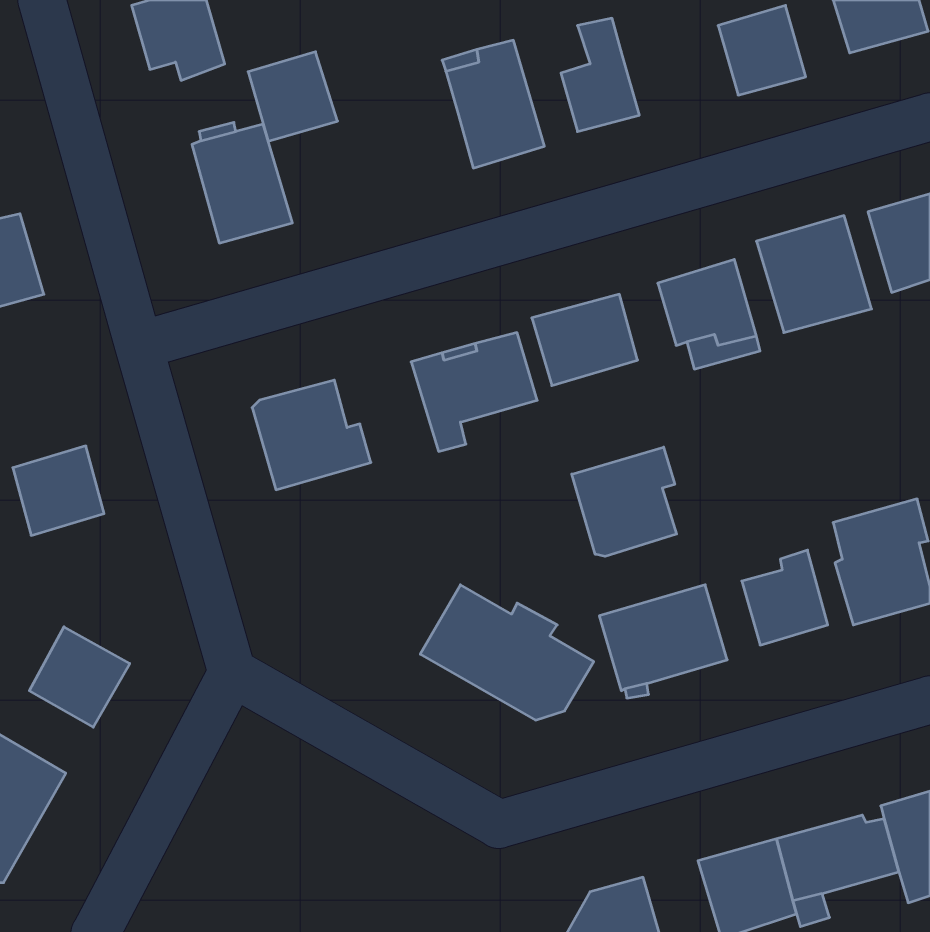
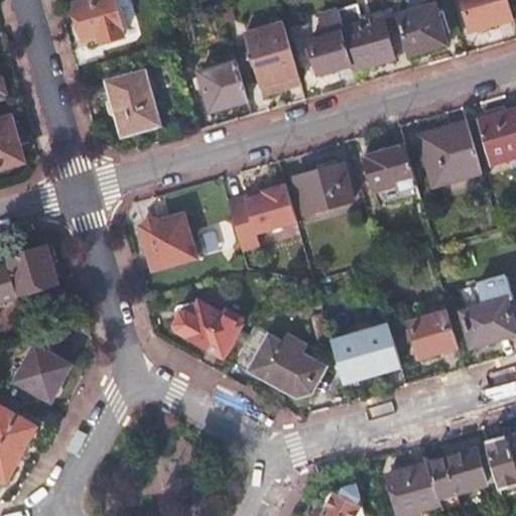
building: none -> [343,17,396,71]
building: [248,52,338,141] -> [199,61,248,111]
building: [572,447,677,556] -> none
building: none -> [168,298,245,359]

